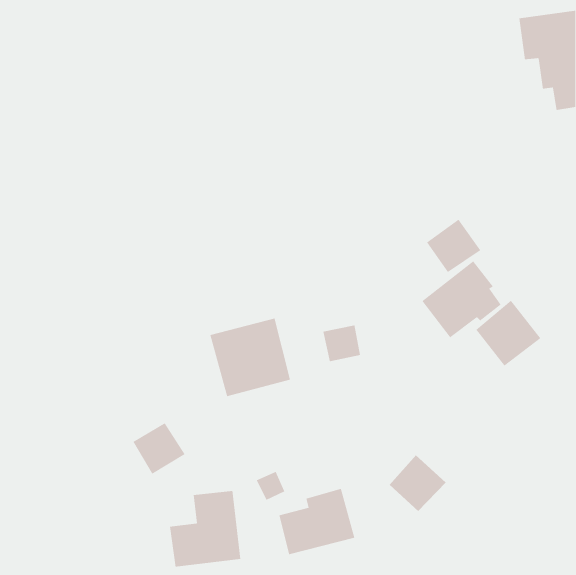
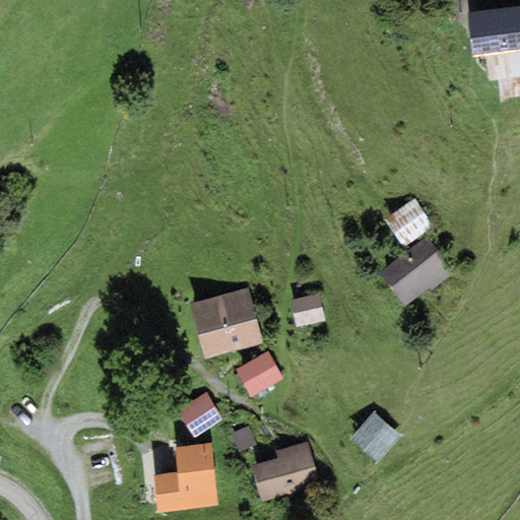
building: [475,300,541,367] -> none
building: none -> [235,349,283,396]
building: [133,423,186,474] -> [177,391,224,438]

